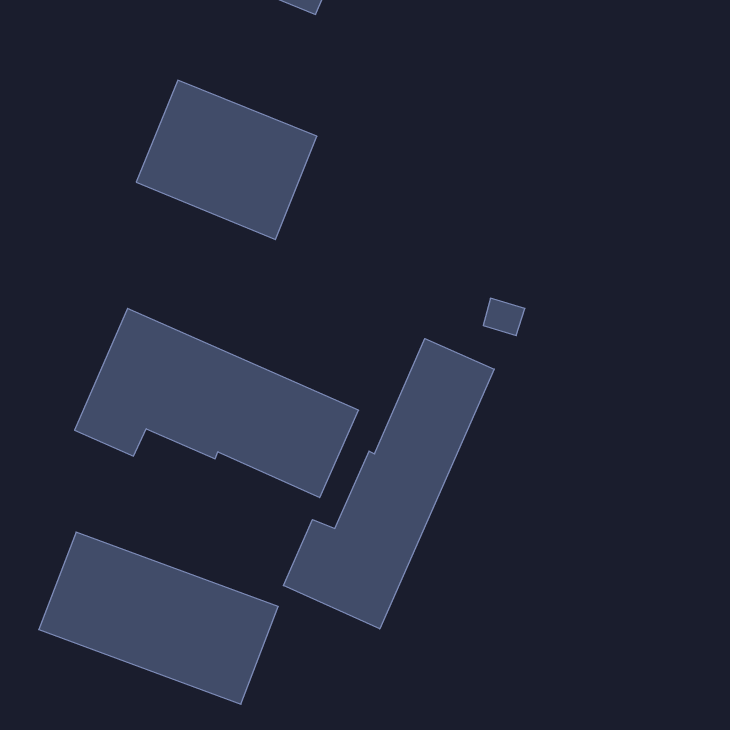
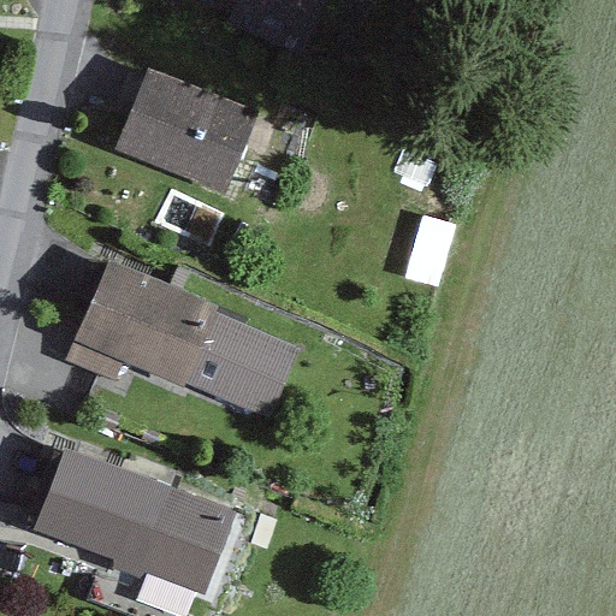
building: [283,339,494,629] -> none

